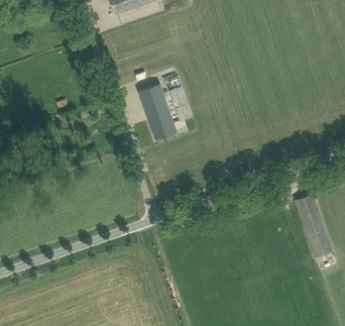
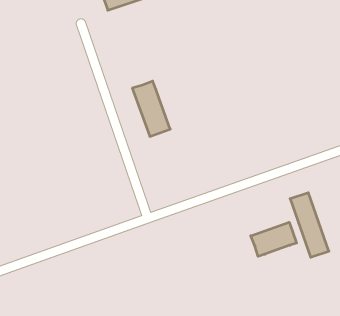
building: none -> [251,222,297,256]

